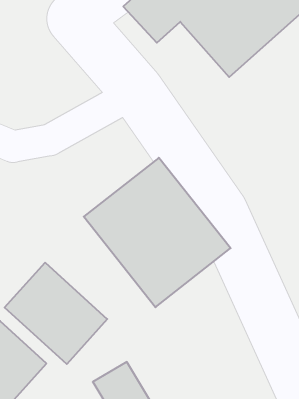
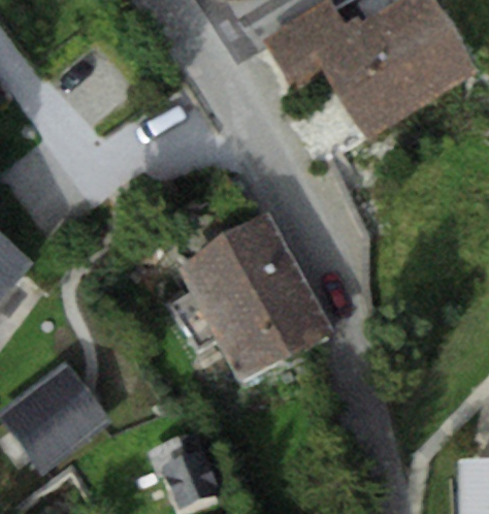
building: [5,263,107,364] -> none

